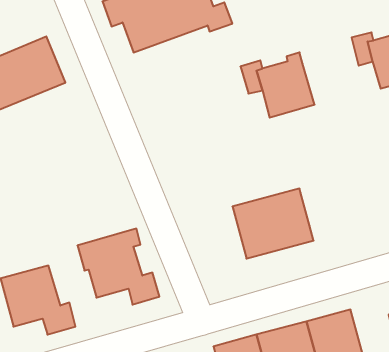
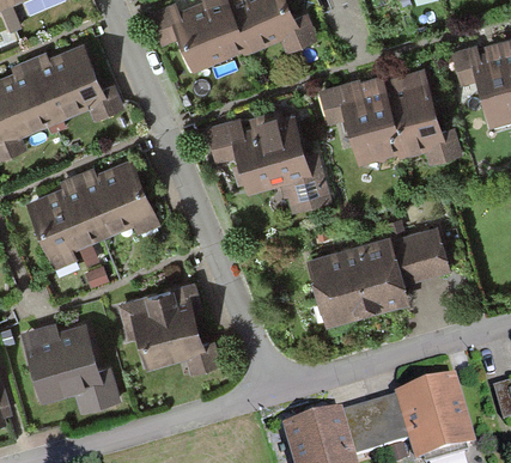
building: none -> [391,75,462,158]
building: none -> [211,109,329,207]
building: none -> [35,170,160,267]
building: none -> [389,227,446,279]

